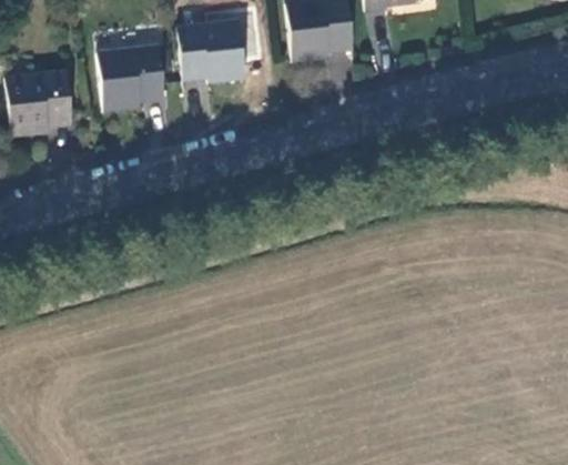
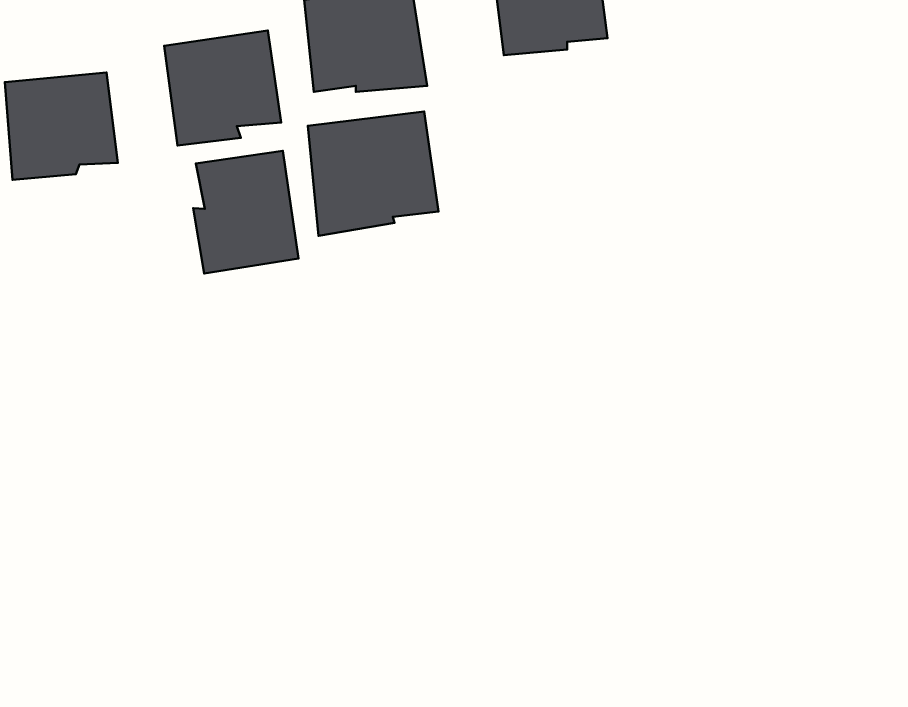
building: none -> [308,111,439,236]
building: none -> [193,151,298,274]

